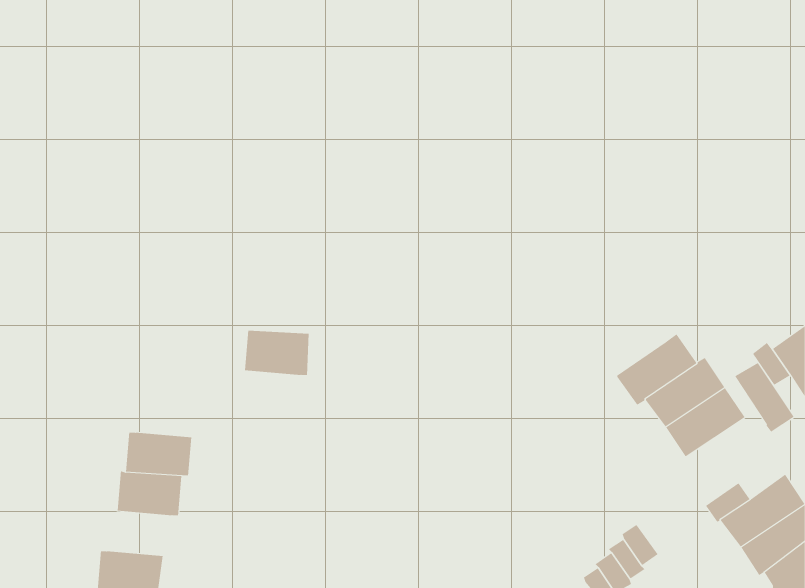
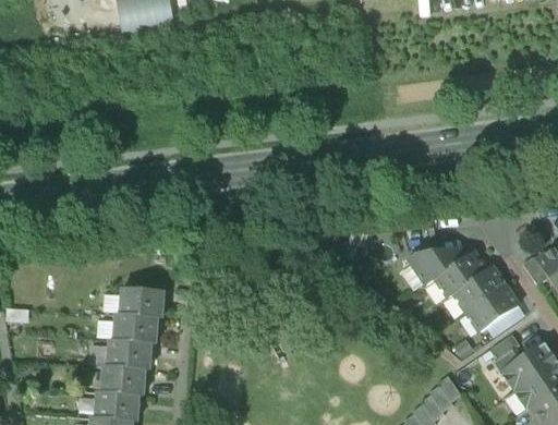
building: none -> [407,247,465,284]
building: [244,330,309,375] -> [120,289,162,318]
building: [735,362,794,433] -> none
building: none -> [101,366,144,396]

